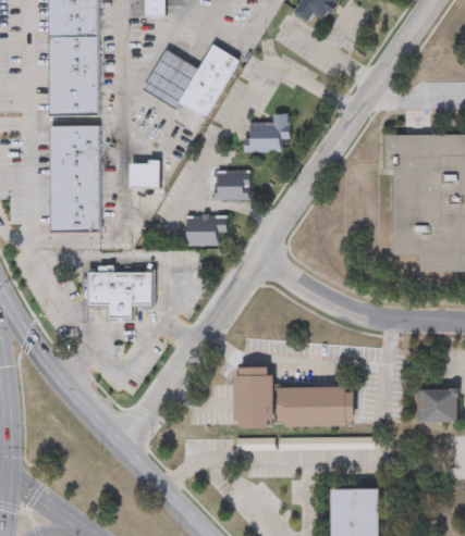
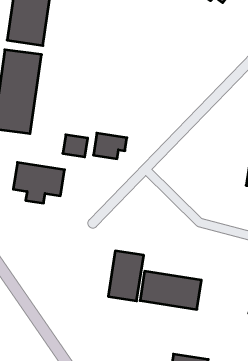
building: [145,45,236,119] -> none
building: [247,113,289,151] -> none
building: [130,162,159,187] -> [63,135,88,157]
building: [215,171,249,200] -> none

